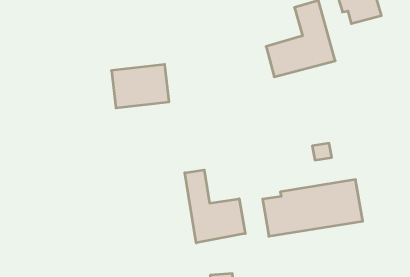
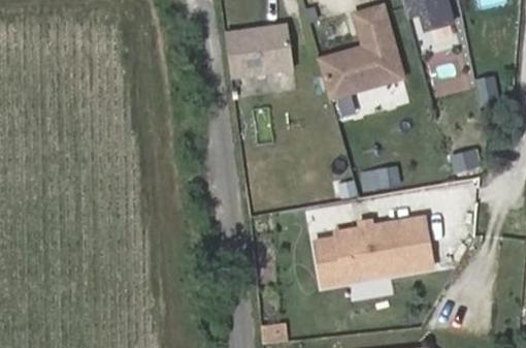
building: [111,64,169,108] -> [229,28,296,78]
building: [185,170,245,243] -> none

